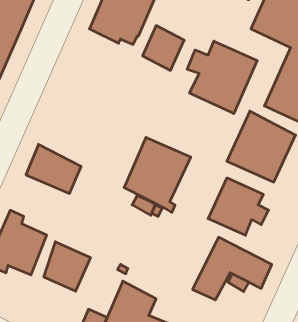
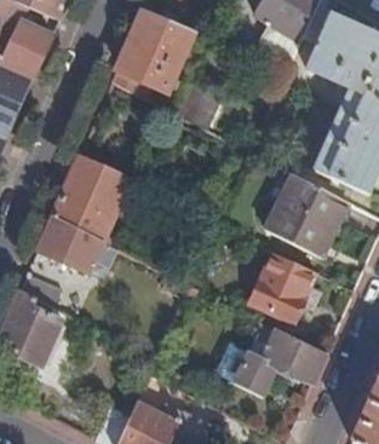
building: [187,41,257,114] -> none
building: [124,137,191,212] -> [52,155,130,242]
building: [44,242,90,291] -> none

